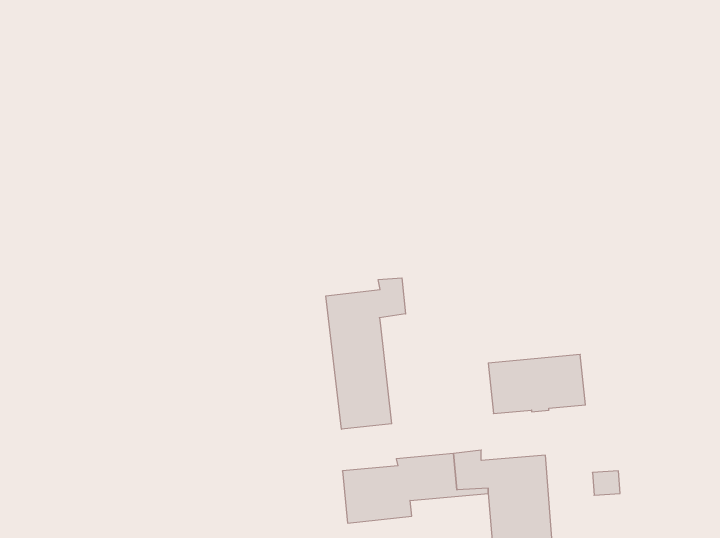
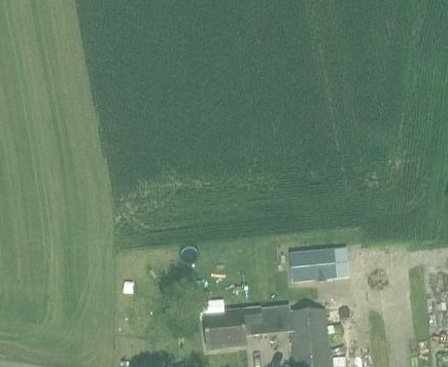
building: [326,278,406,429] -> none

